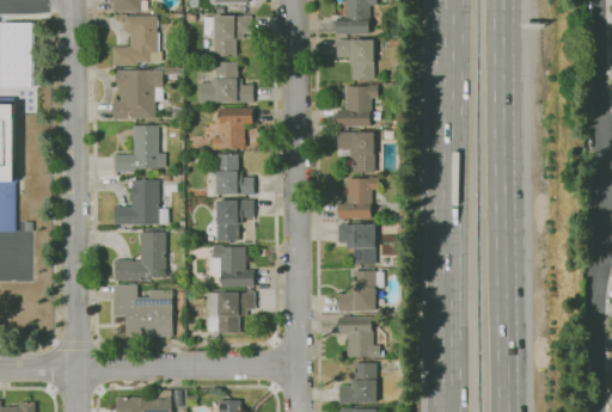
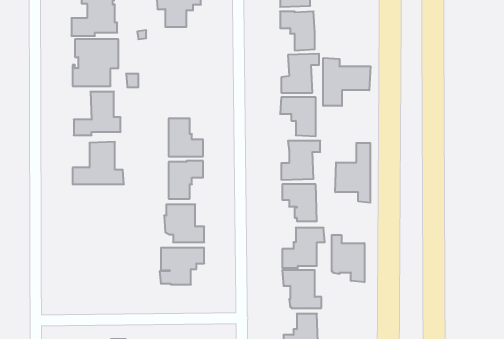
building: [198,61,253,103] -> none
building: none -> [323,58,370,106]
building: [213,107,253,149] -> none
building: none -> [335,143,370,203]
building: [114,232,166,281] -> none
building: none -> [332,235,364,282]
building: [114,285,173,337] -> none

